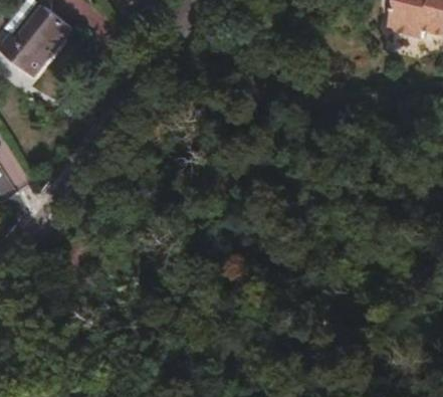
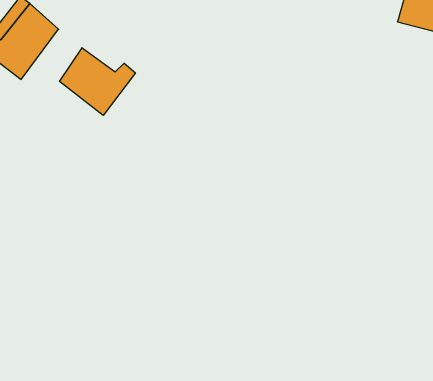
building: none -> [60,48,135,115]

